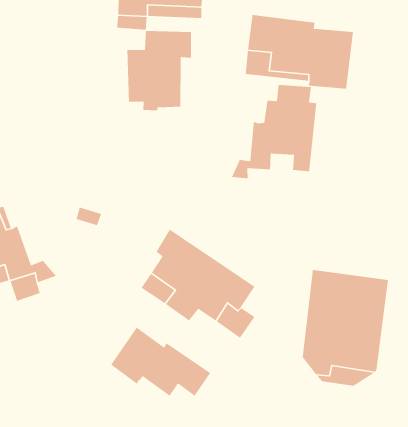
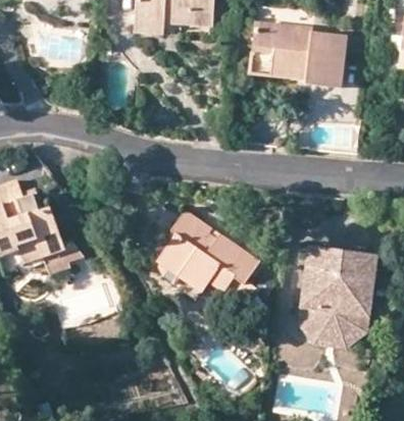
building: [126,30,192,111] -> none
building: [231,84,317,179] -> none
building: [110,327,211,397] -> none

